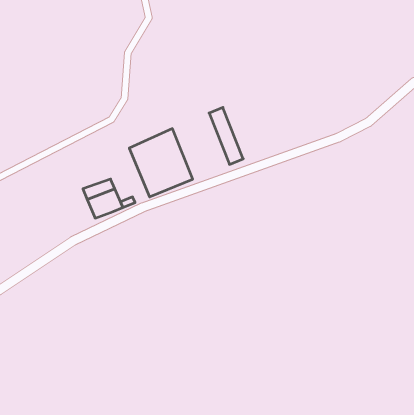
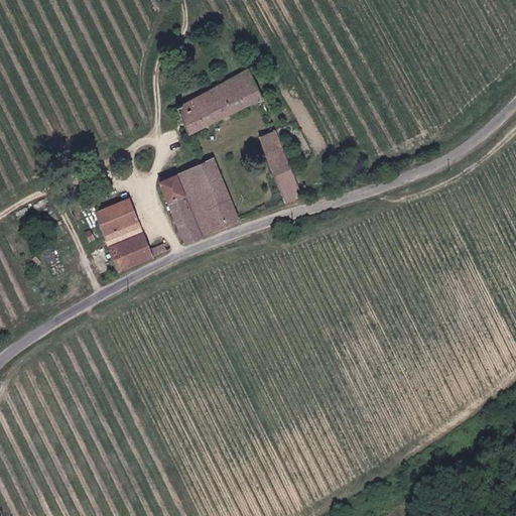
building: none -> [170,67,259,134]
building: none -> [93,198,137,234]

